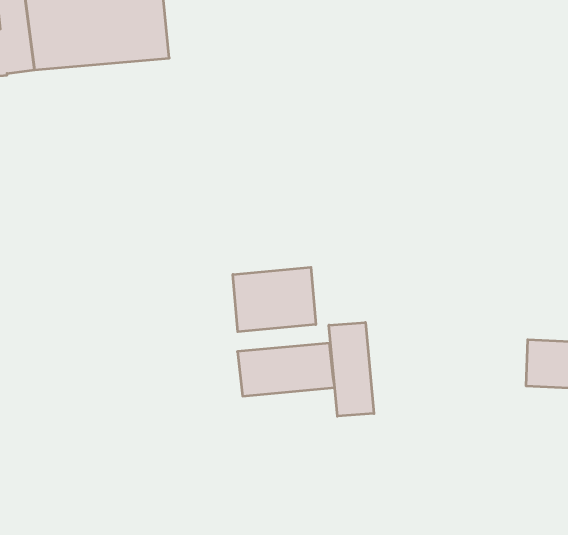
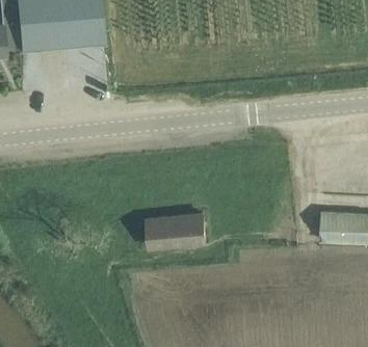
building: [233,267,316,332] -> none
building: [329,322,374,416] -> none

